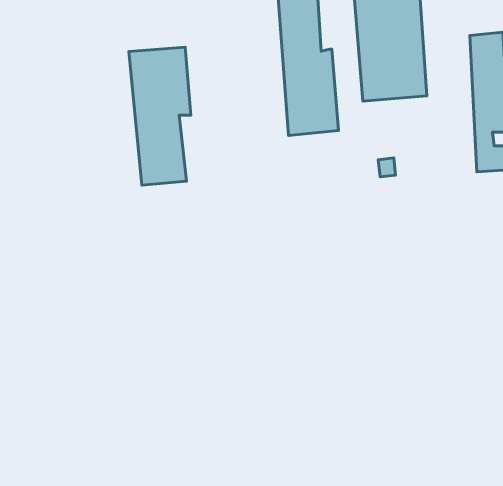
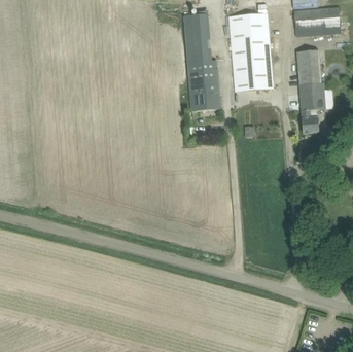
building: [129,47,191,185] -> none

